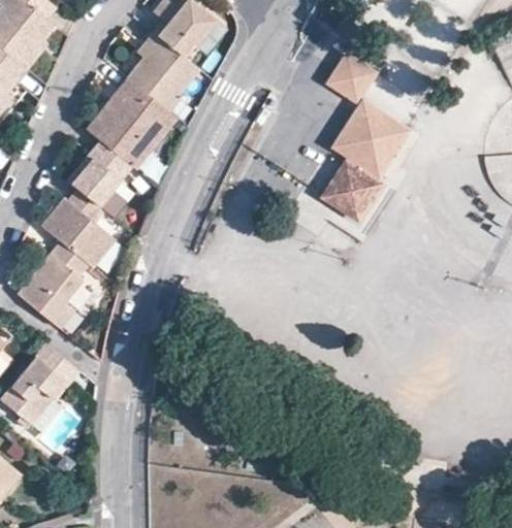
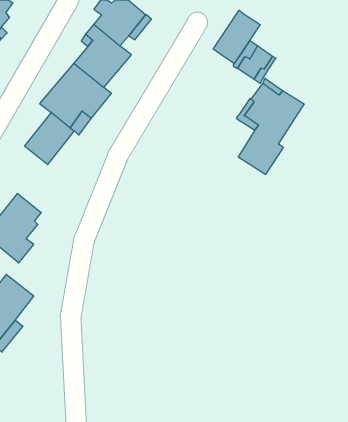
building: none -> [213,10,260,64]
building: [40,191,113,267] -> none

